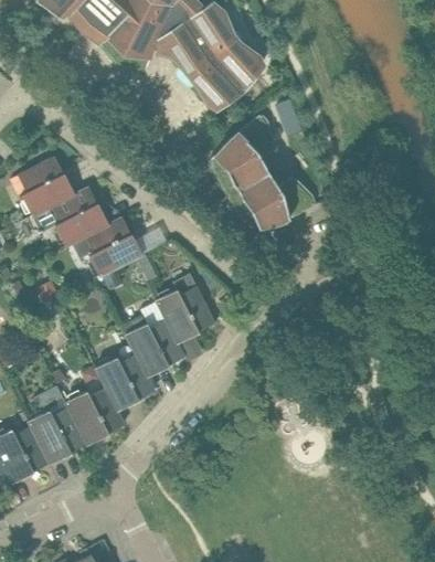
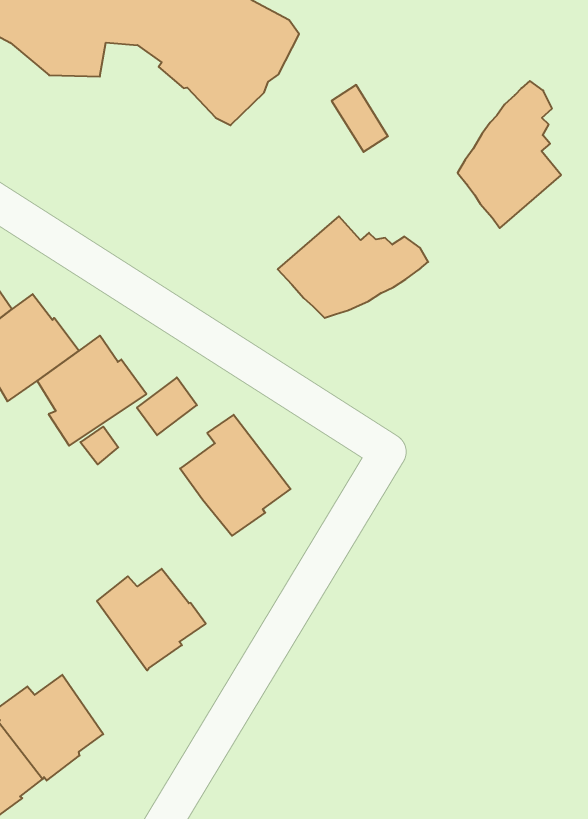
building: [210,115,269,195] -> [458,81,561,228]
building: [125,319,184,377] -> none
building: [65,386,125,444] -> none

